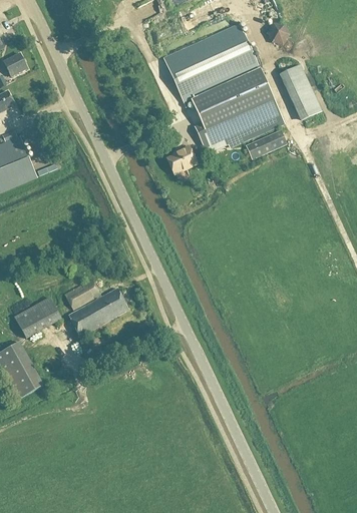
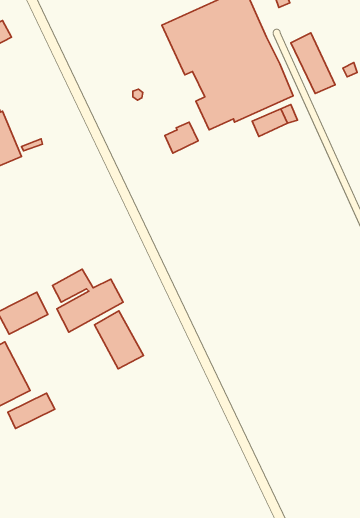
building: none -> [95,311,144,369]
building: none -> [8,393,55,429]

